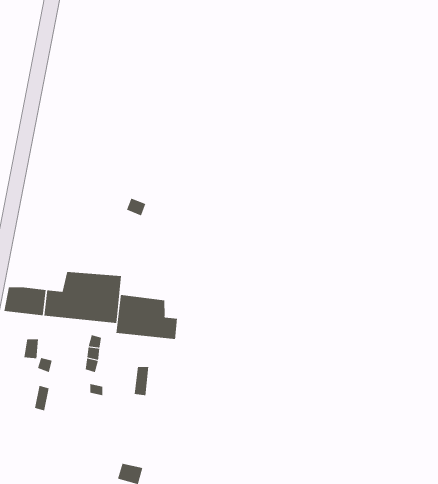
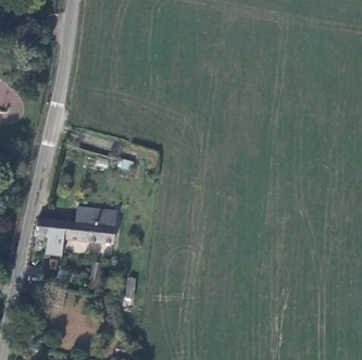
building: [116,294,178,340] -> none

